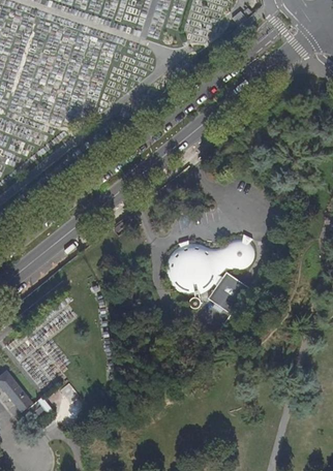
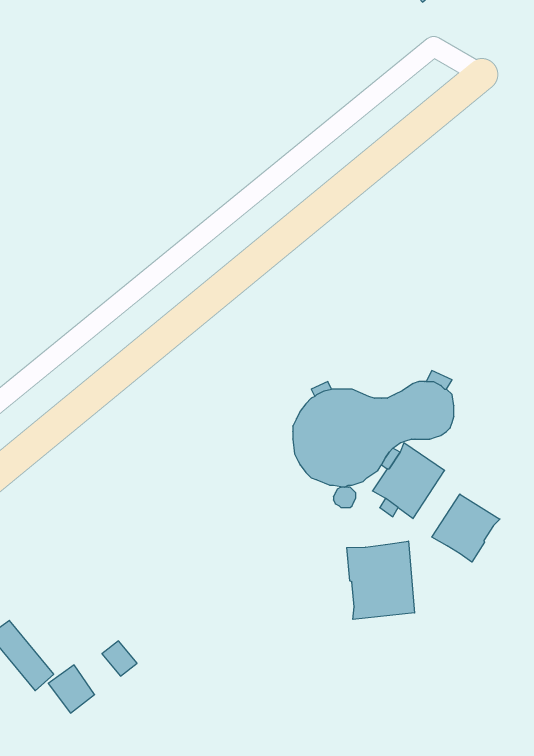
building: none -> [432,494,500,562]
building: none -> [347,541,415,619]

